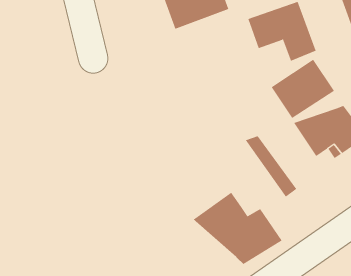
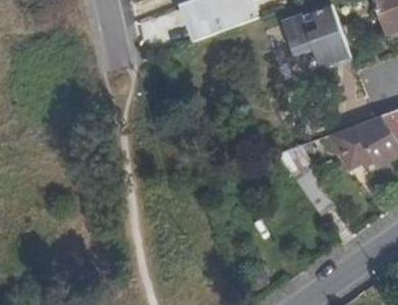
building: [271,59,335,119] -> none
building: [192,192,282,265] -> none

